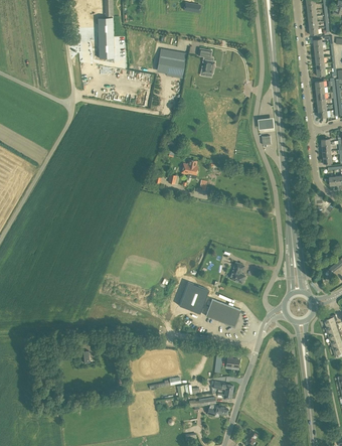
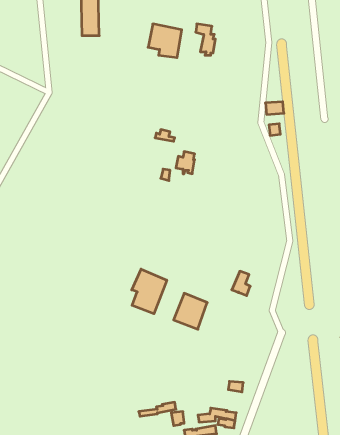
building: none -> [132,269,167,314]
building: [204,299,239,327] -> none

